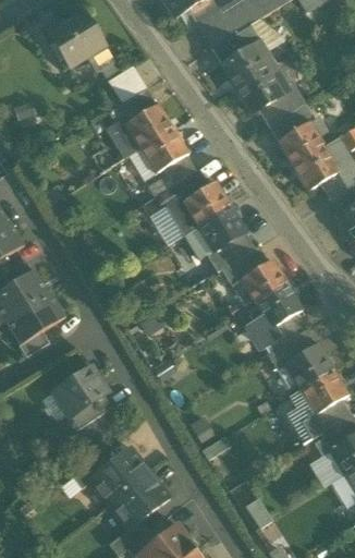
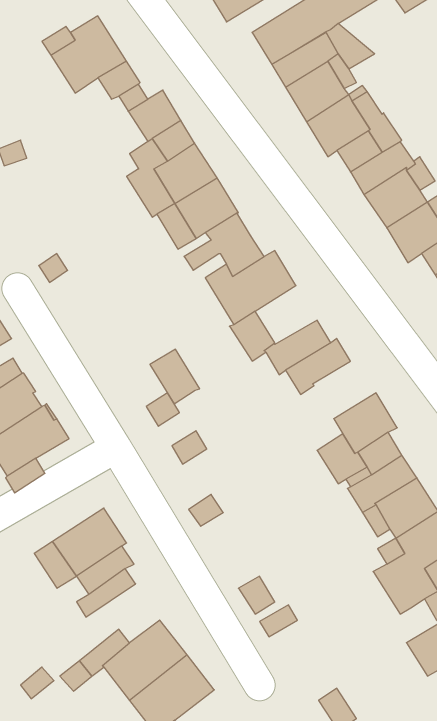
building: [148,206,184,245] -> [150,349,200,404]
building: [199,206,244,248] -> none
building: [241,258,286,302] -> none

